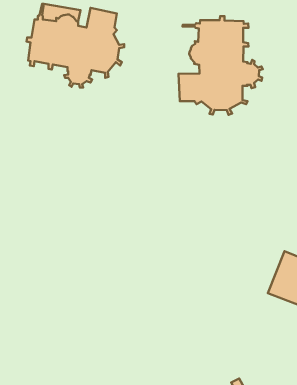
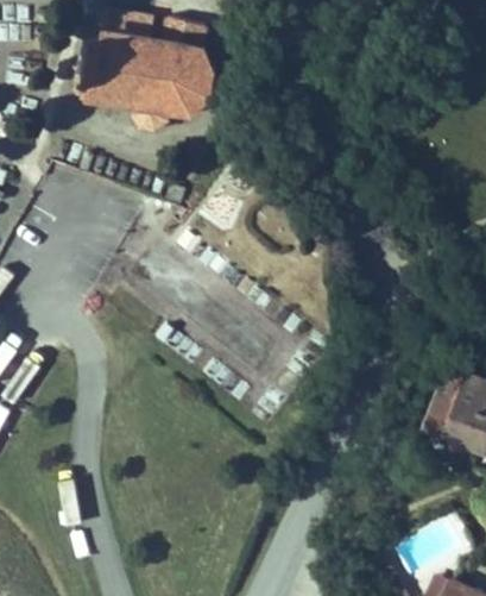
building: [178,16,263,115] -> none

